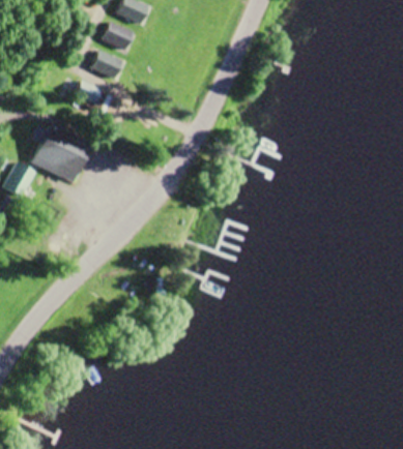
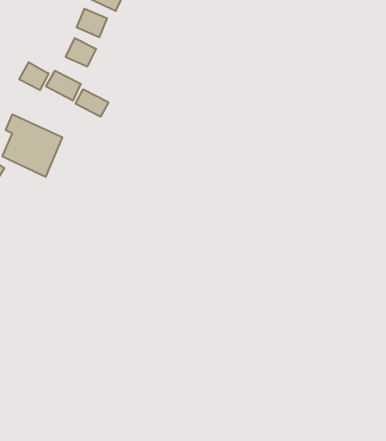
building: none -> [19,62,49,90]
building: none -> [75,89,108,117]

